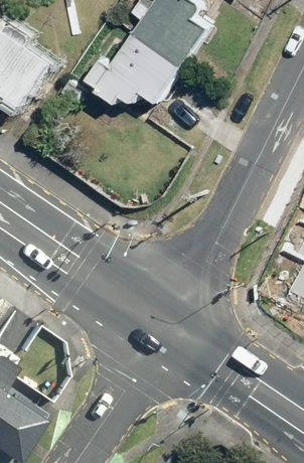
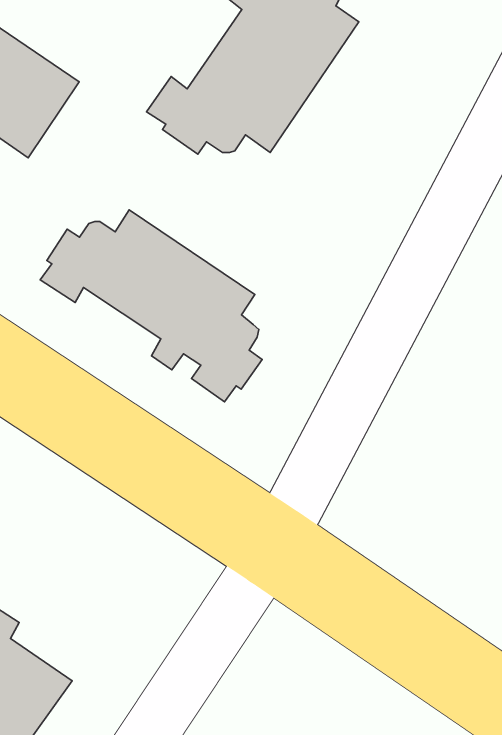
building: none -> [40,210,262,402]

